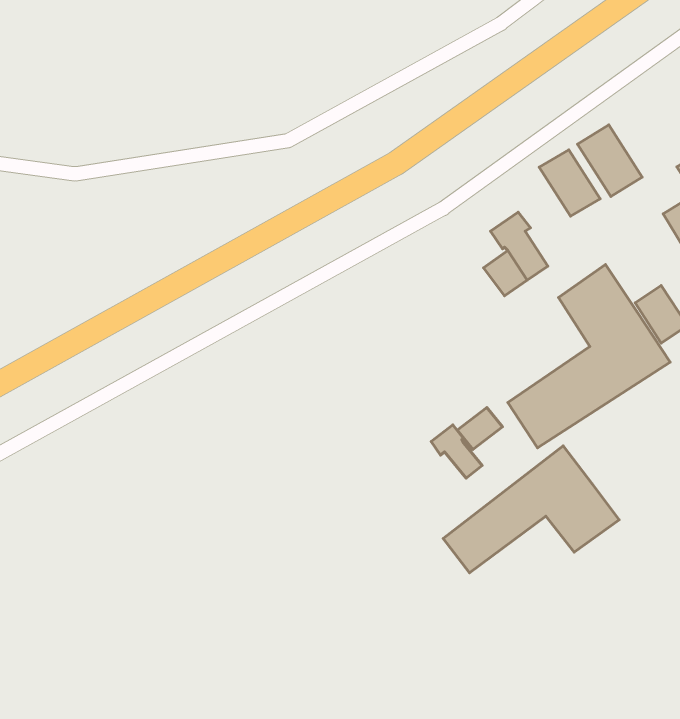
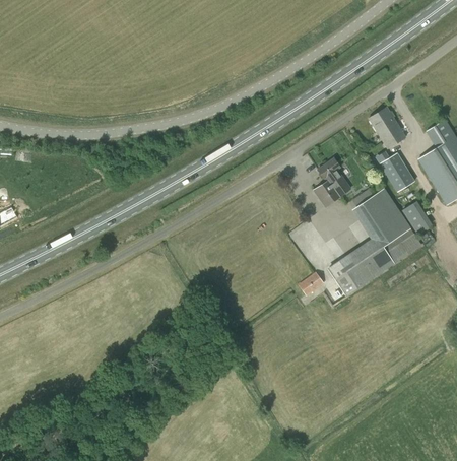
building: [539,150,600,216] -> [379,152,414,191]
building: [431,425,482,478] -> none
building: [443,446,619,573] -> none

